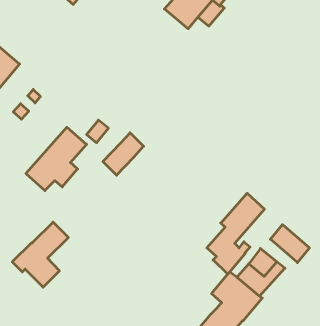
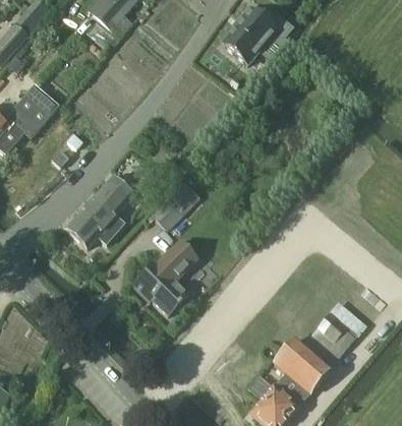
building: [207,193,264,274] -> none
building: [12,222,68,287] -> [134,241,197,314]
building: [270,225,309,263] -> none

